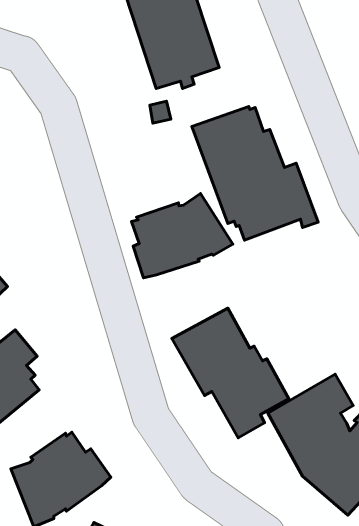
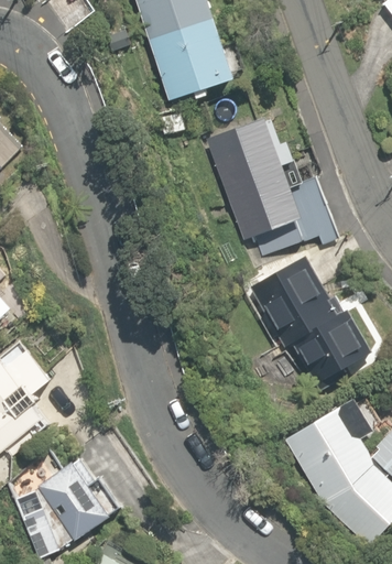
building: [132,193,233,278] -> none
building: [172,308,289,438] -> [249,256,371,391]

